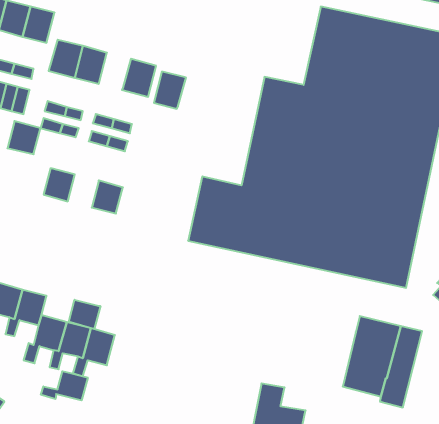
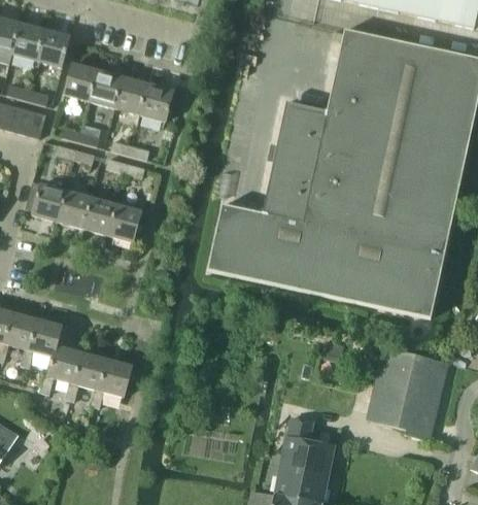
building: [154,72,186,109] -> [116,76,149,114]
building: [7,121,41,154] -> [33,188,67,222]
building: none -> [84,201,116,235]
building: [69,300,100,329] -> none
building: [41,371,88,400] -> none

